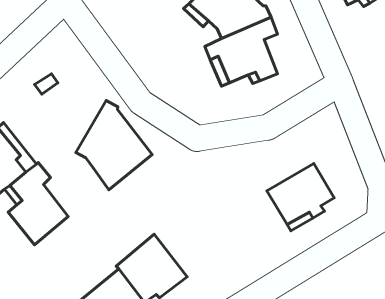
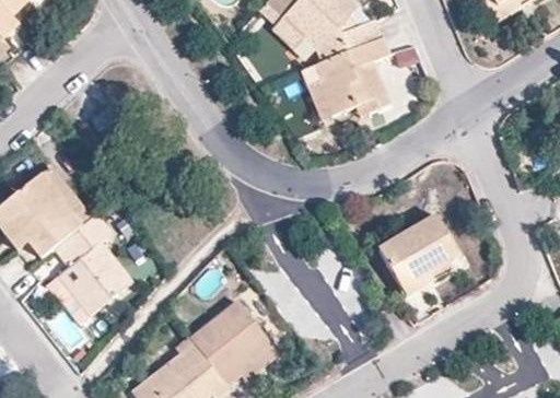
building: [76,100,152,190] -> none

